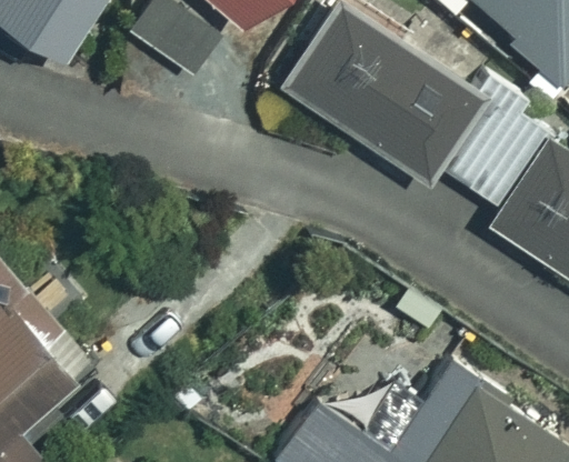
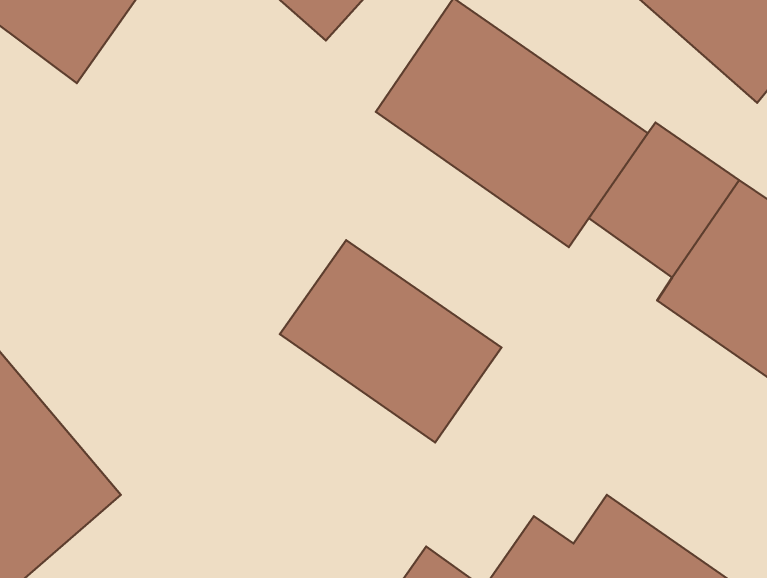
building: none -> [280,240,502,442]

